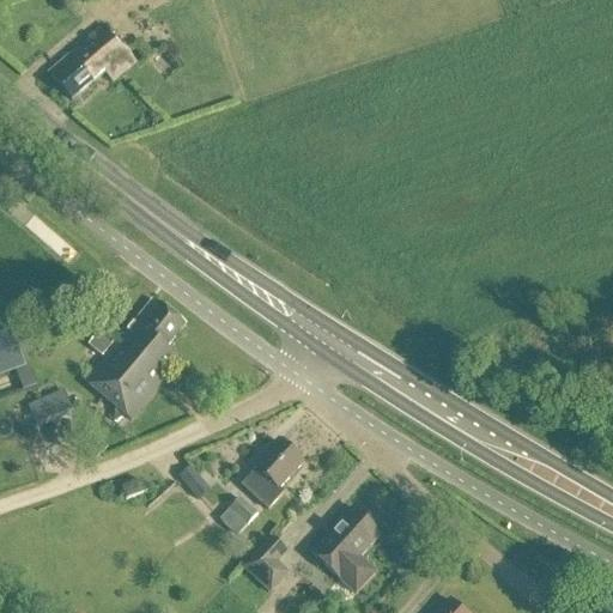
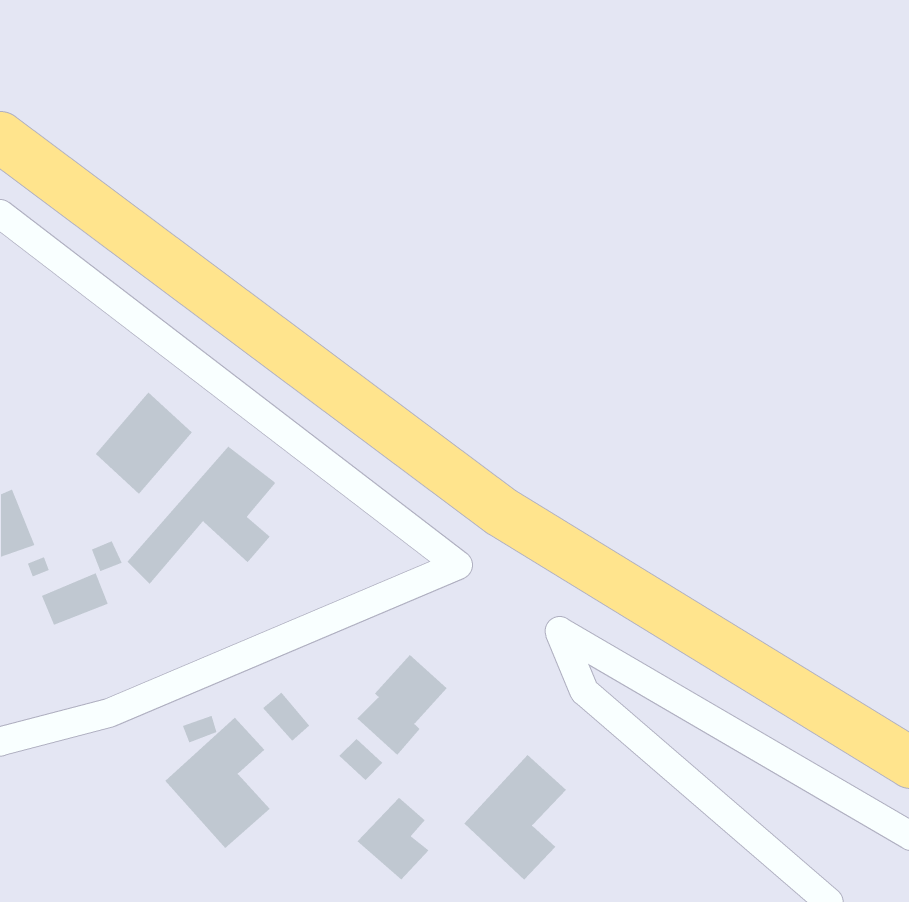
building: [48,23,134,96] -> none
building: [102,351,168,420] -> [95,392,193,495]
building: none -> [164,717,271,849]

